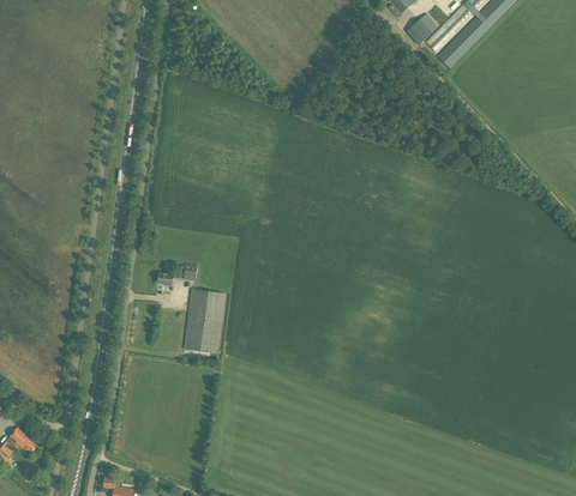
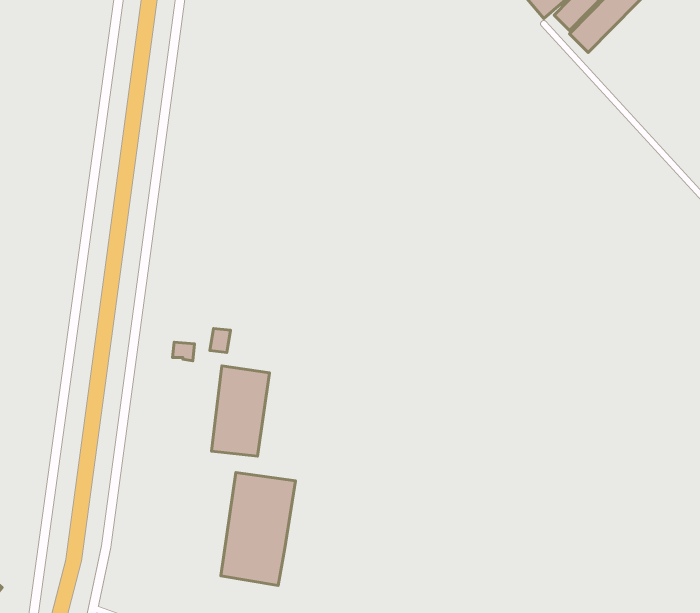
building: none -> [221,472,296,586]

